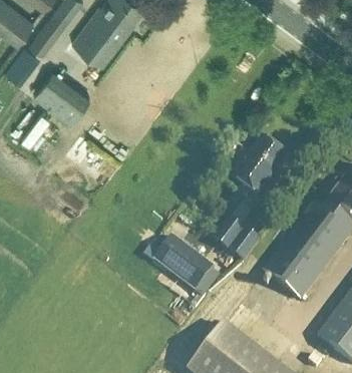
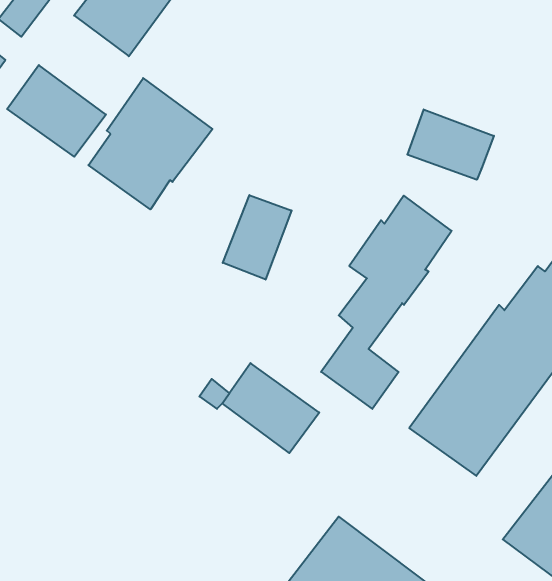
building: none -> [88,78,212,209]
building: none -> [407,109,494,180]
building: none -> [223,195,292,280]

